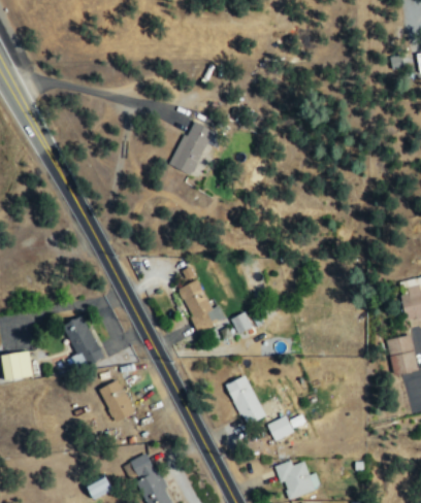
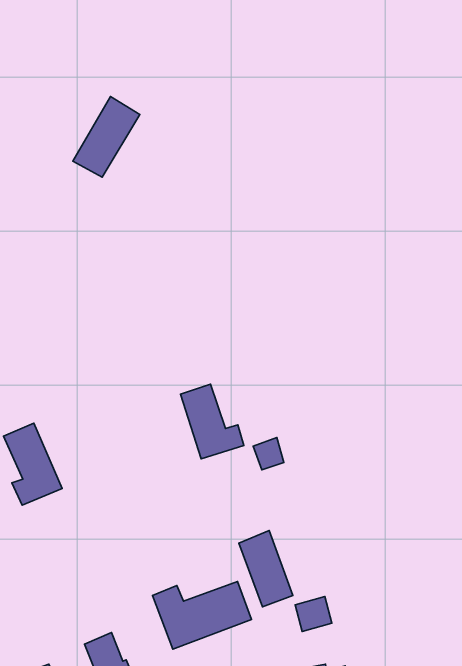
building: [170,120,213,174] -> [73,97,140,177]
building: [100,379,134,422] -> none
building: none -> [153,582,252,649]

